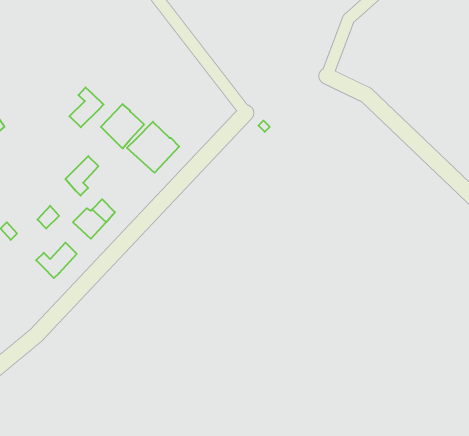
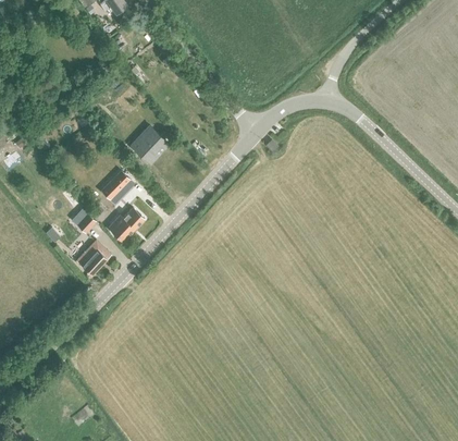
building: [69,87,104,127] -> none
building: [127,122,179,173] -> none

